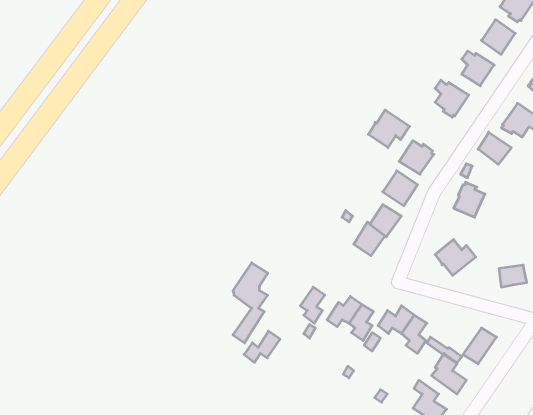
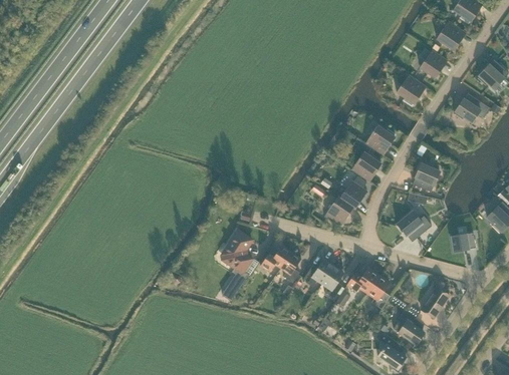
building: [368,110,410,148] -> none
building: [478,132,511,164] -> none
building: [244,331,280,362] -> [260,245,291,272]

